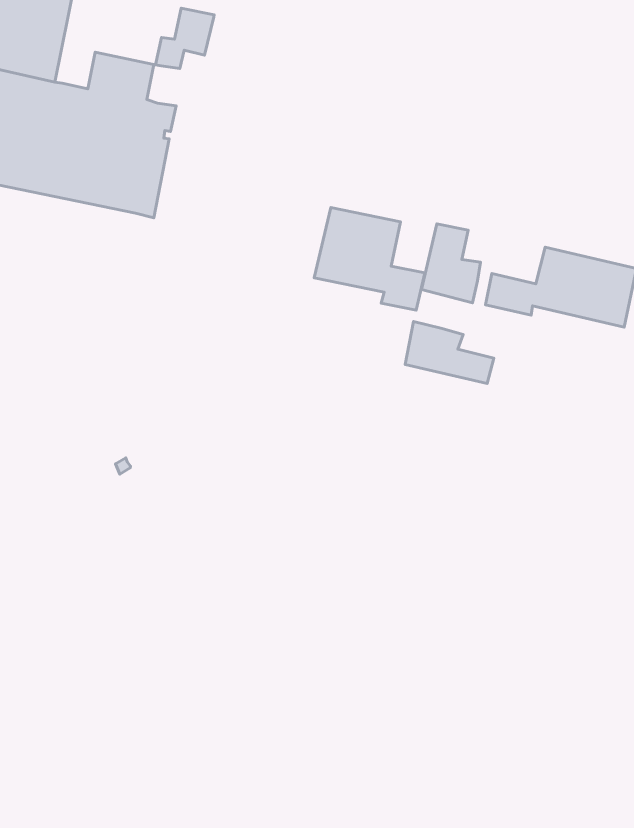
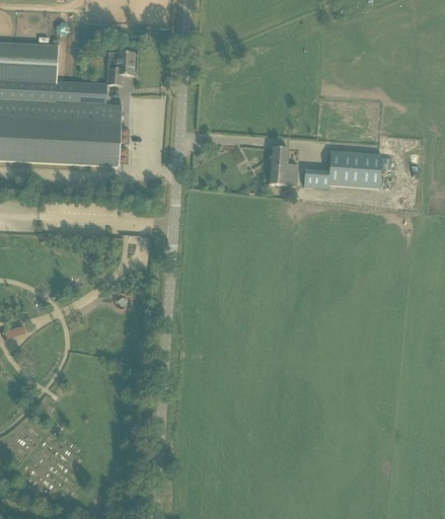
building: [314,207,425,310] -> none
building: [405,322,494,384] -> none

